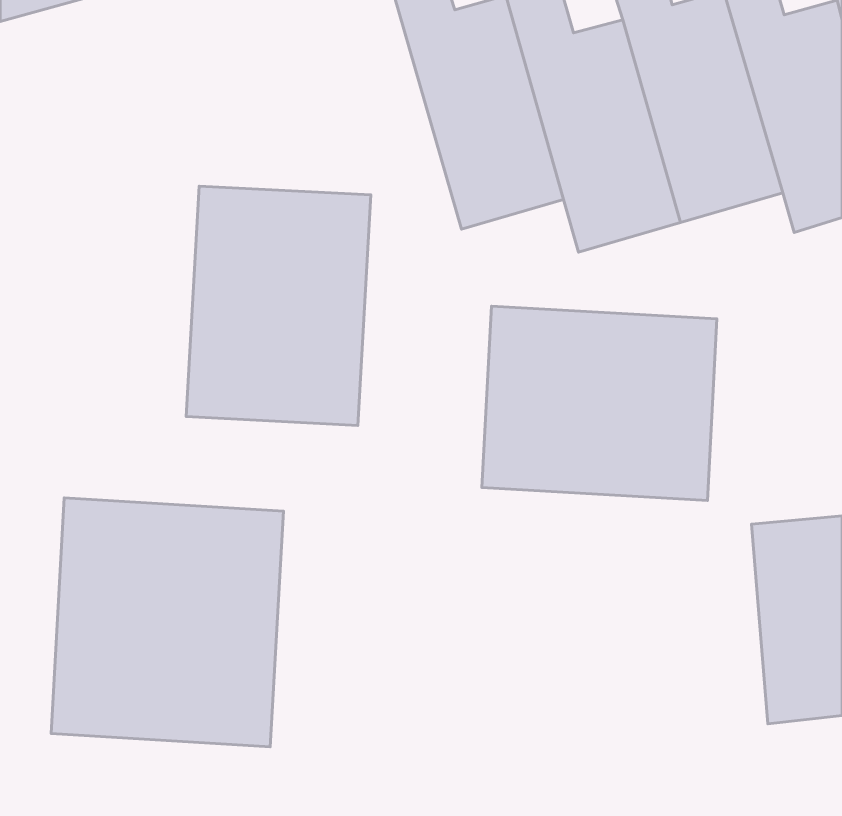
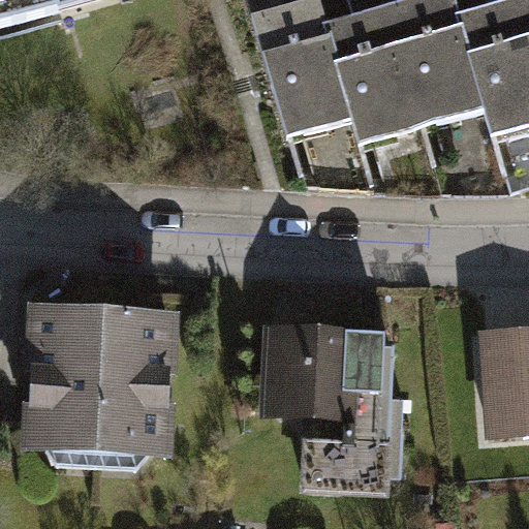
building: [186,186,371,425] -> none
building: [482,306,717,500] -> none
building: none -> [259,333,406,504]

